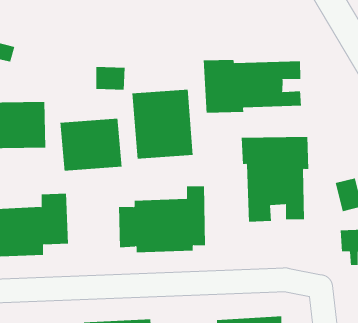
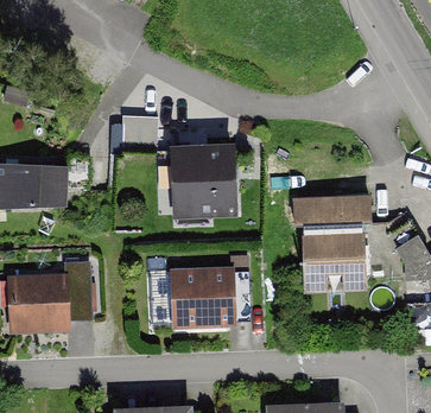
building: [203,59,302,114] -> none
building: [60,118,122,172] -> none

